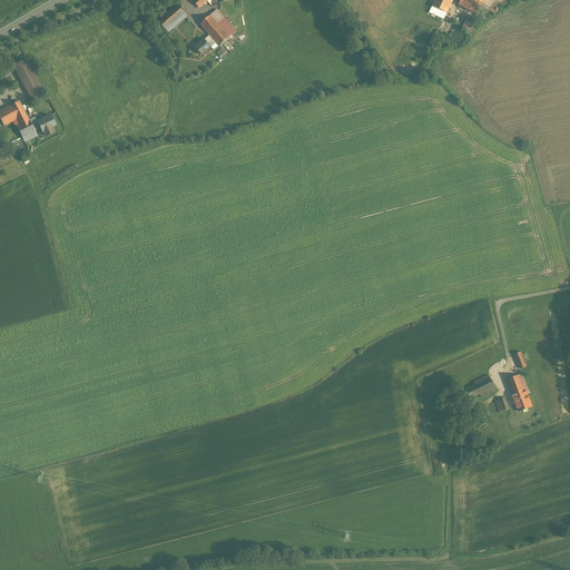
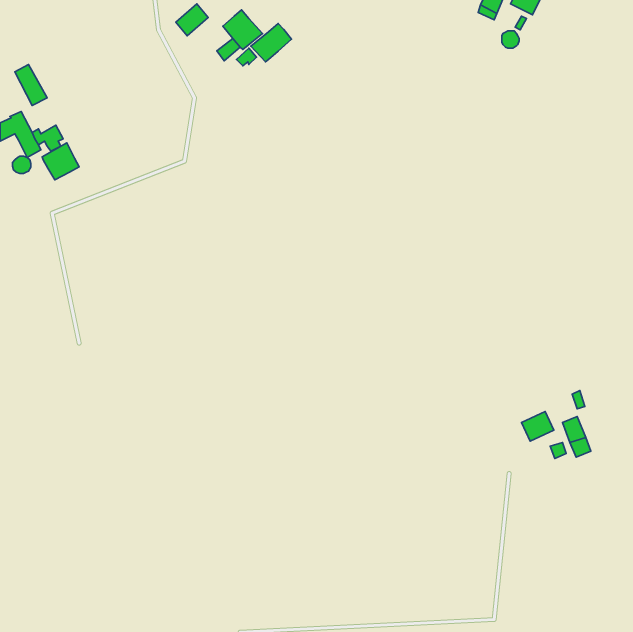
building: none -> [251,23,292,62]
building: none -> [42,143,79,180]

